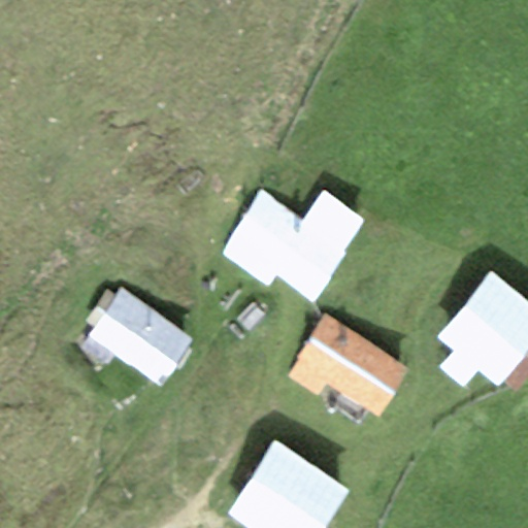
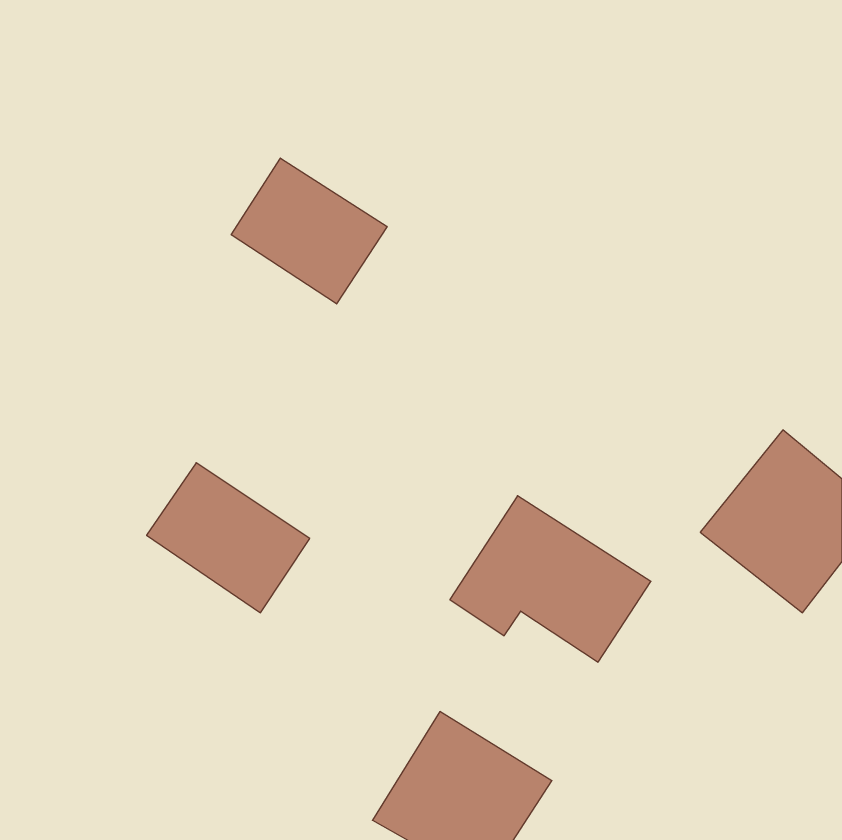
building: none -> [231,158,387,304]
building: [221,192,365,297] -> none

